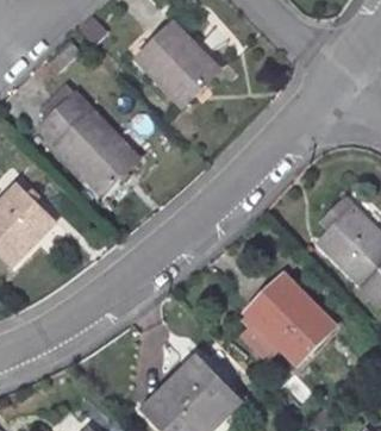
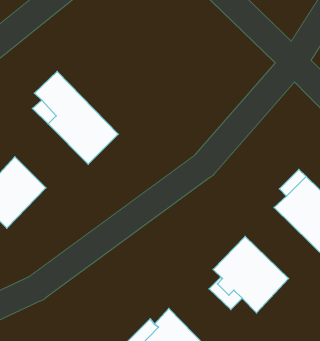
building: [139,24,219,105] -> none

